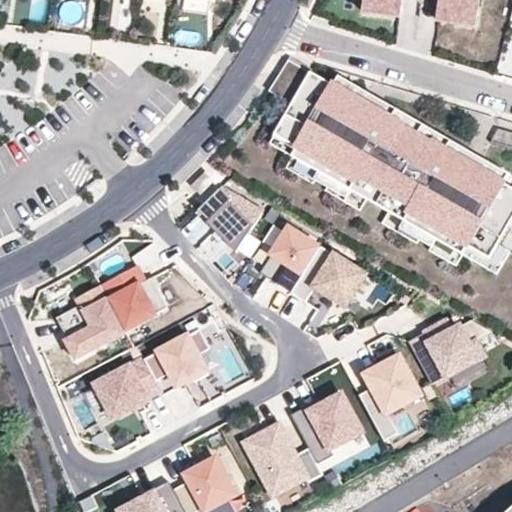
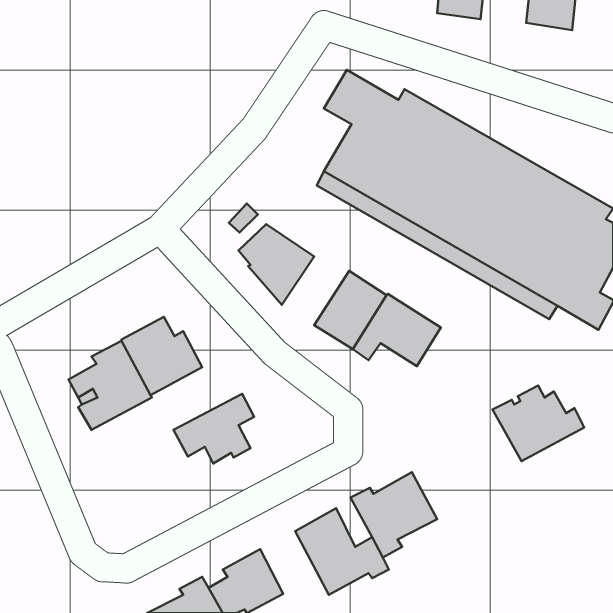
building: [359,354,421,439] -> none
building: [95,357,160,416] -> none

